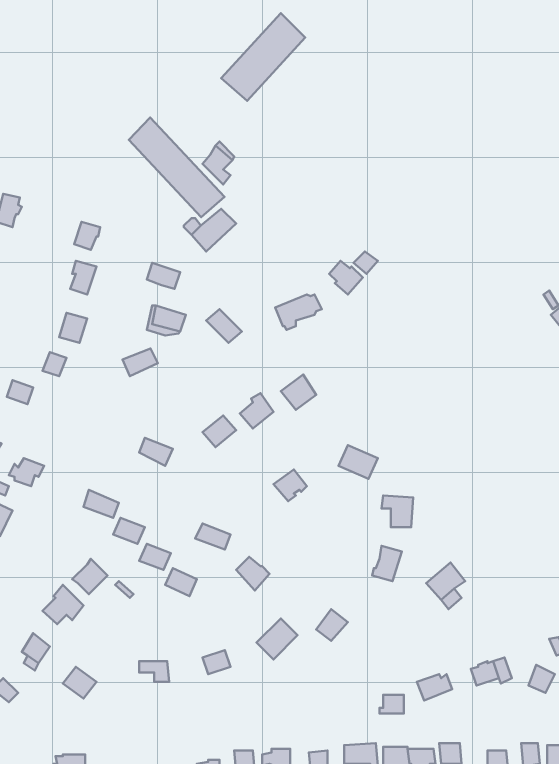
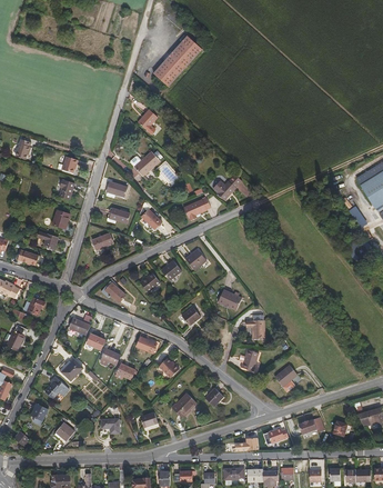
building: [129,118,225,217] -> none

